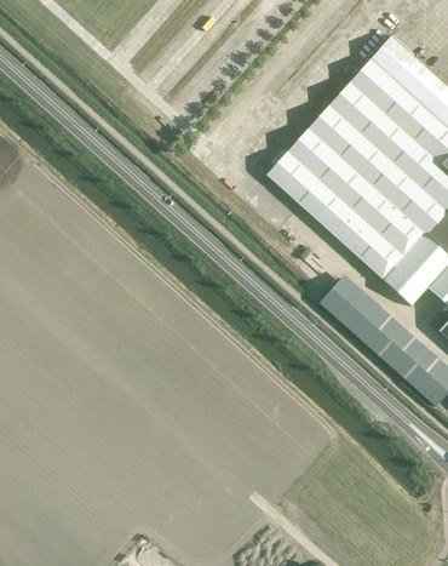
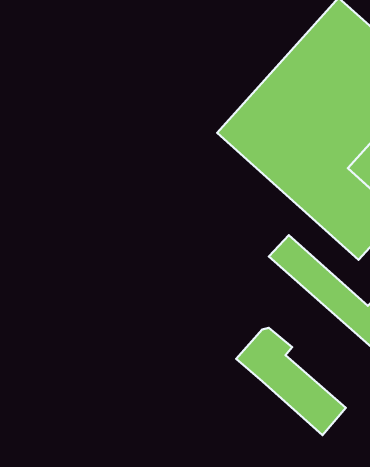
building: none -> [236,328,346,435]

